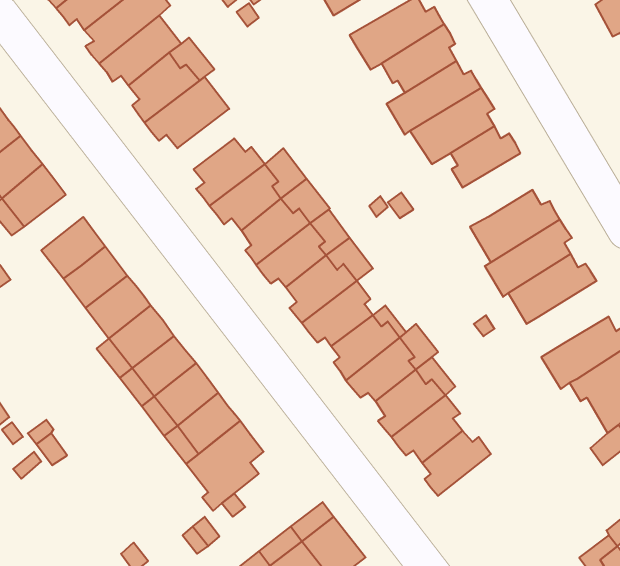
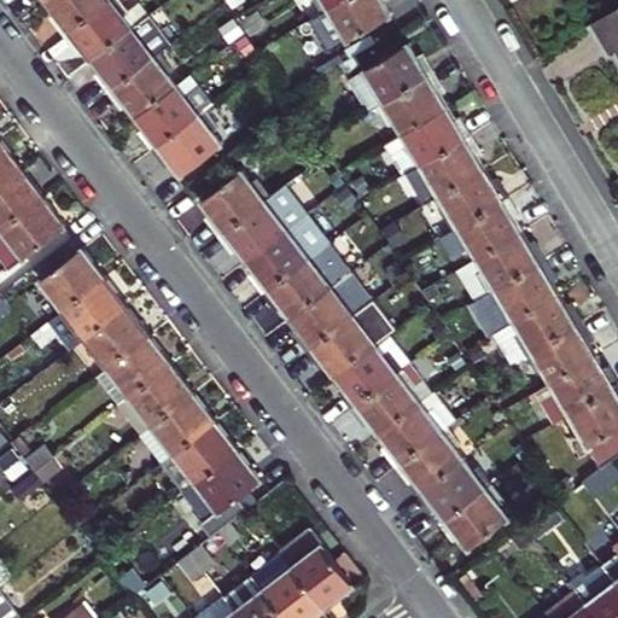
building: none -> [444,186,524,249]
building: none -> [530,311,599,373]
building: none -> [431,482,501,547]

